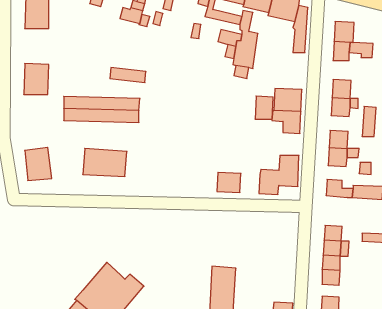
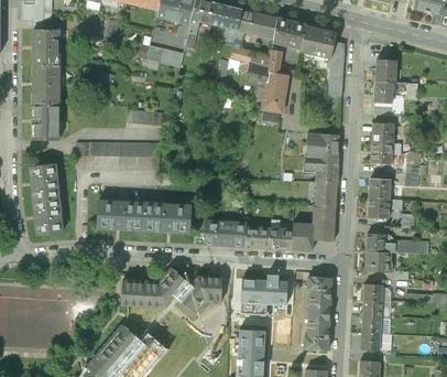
building: none -> [33,66,59,106]
building: [255,96,273,119] -> [316,181,336,206]
building: none -> [30,164,58,201]
building: none -> [143,202,190,233]
building: none -> [205,219,246,246]
building: none -> [270,226,292,248]
building: none -> [363,250,390,271]
building: none -> [121,267,221,312]
building: none -> [240,274,287,315]
building: none -> [304,276,331,349]

